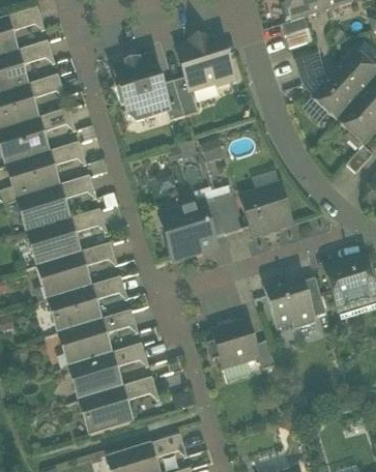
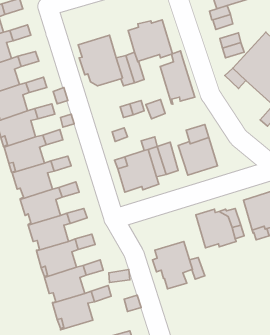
building: none -> [160,51,195,104]

